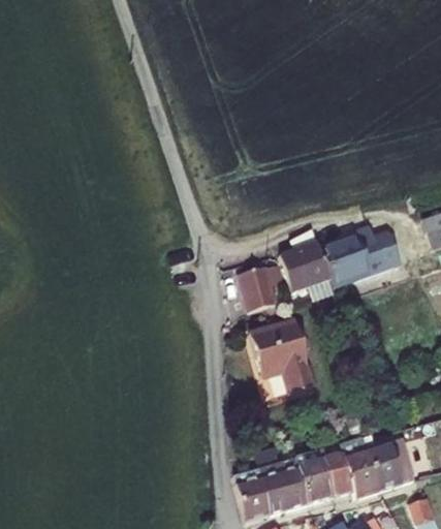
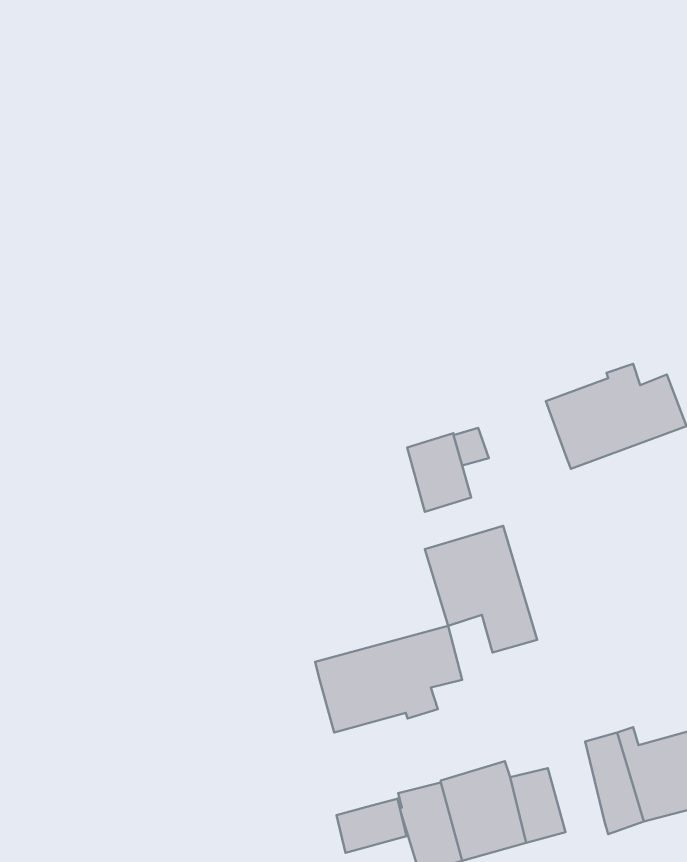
building: [280,234,330,292] -> none
building: none -> [315,626,462,732]
building: [318,444,353,497] -> none
building: none -> [336,799,406,853]

